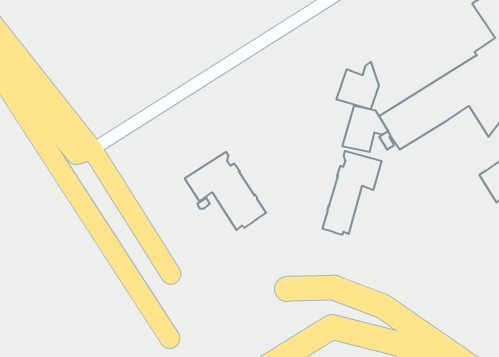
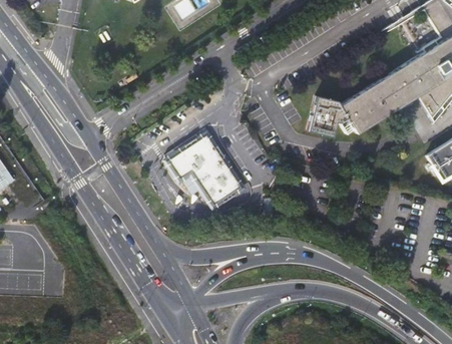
building: [336,62,379,109] -> none
building: [323,151,382,235] -> none

